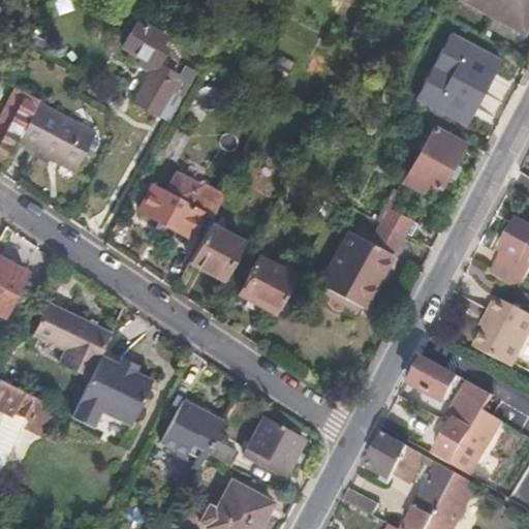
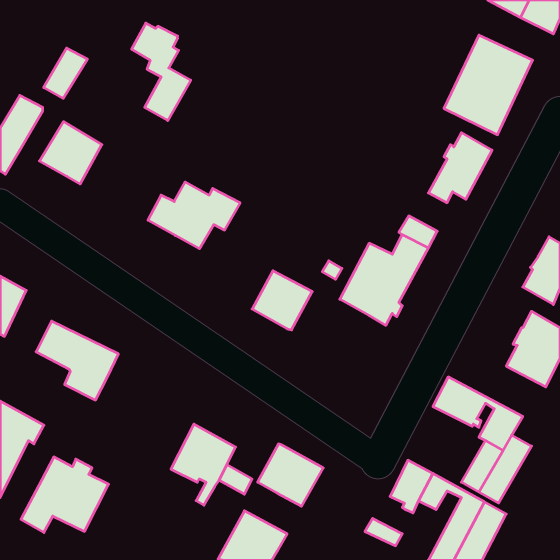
building: [19,104,60,152] -> [44,48,87,98]
building: [189,224,242,279] -> none
building: [70,355,153,427] -> [21,457,109,533]

